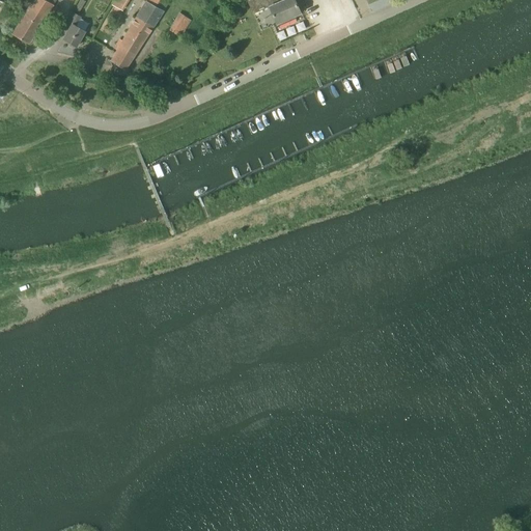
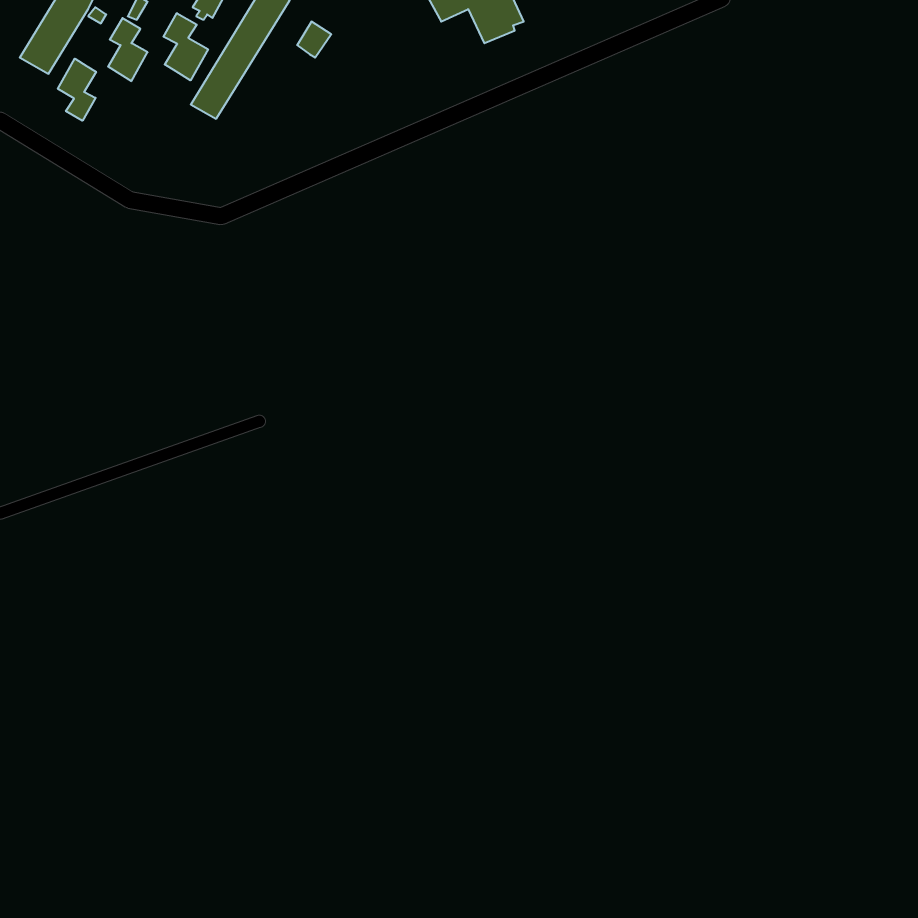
building: none -> [163,13,208,80]
building: none -> [58,59,96,121]

